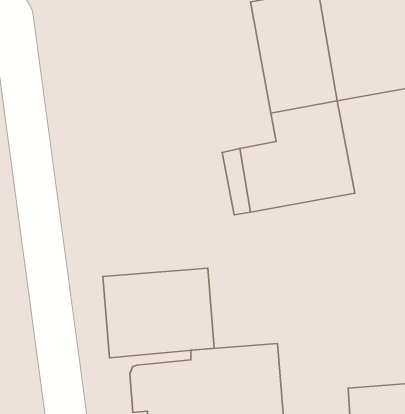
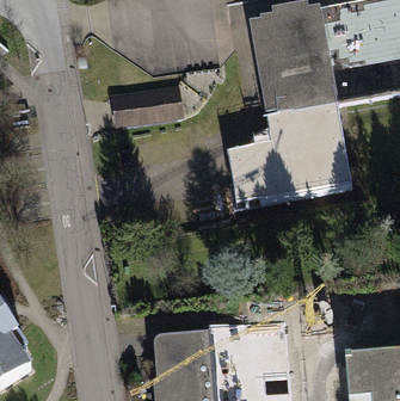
building: none -> [110,86,174,125]
building: [103,268,214,358] -> none

